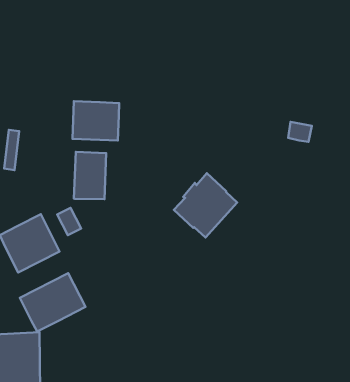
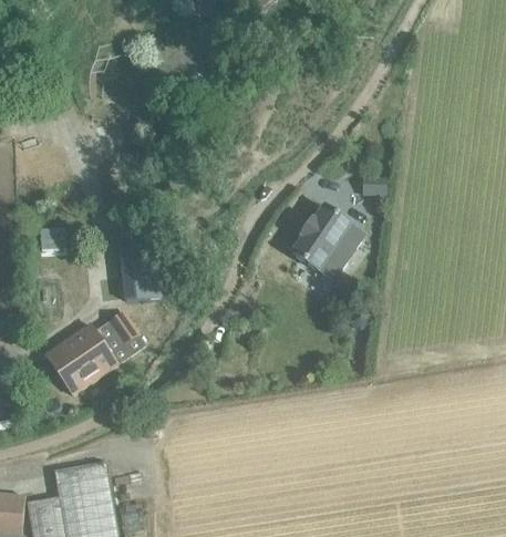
building: [73,101,119,141] -> none
building: [174,173,237,237] -> [292,206,364,280]
building: [20,273,85,331] -> none

